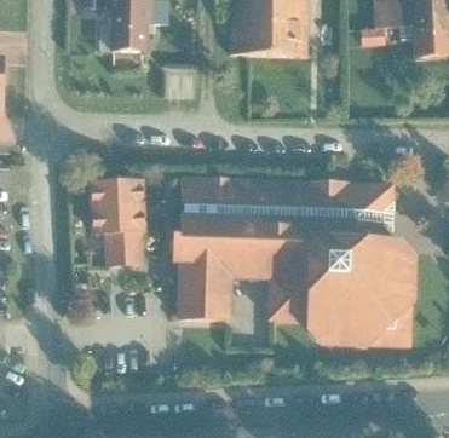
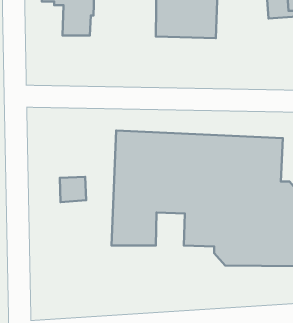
building: [92,179,142,234] -> none

